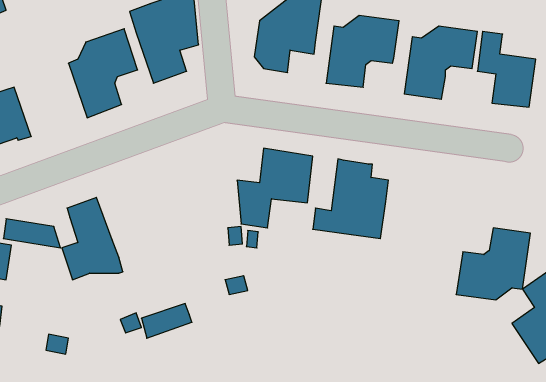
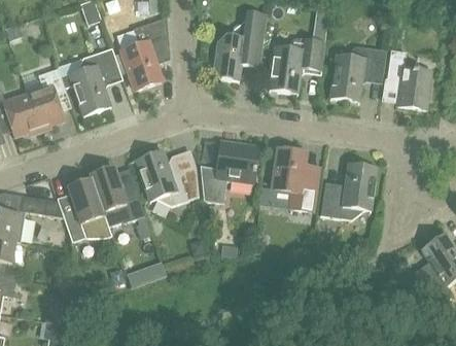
building: none -> [27,68,65,131]
building: none -> [135,149,199,205]
building: none -> [90,167,145,224]
building: [456,228,530,300] -> [319,163,377,218]

